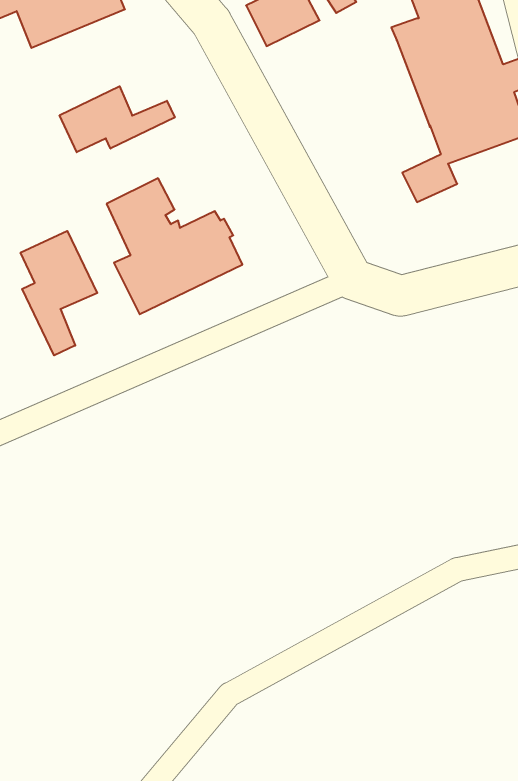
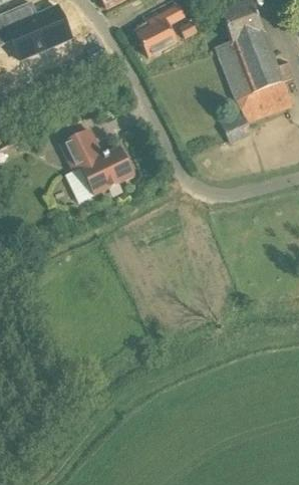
building: [60,86,175,152] -> none
building: [21,231,97,355] -> none

